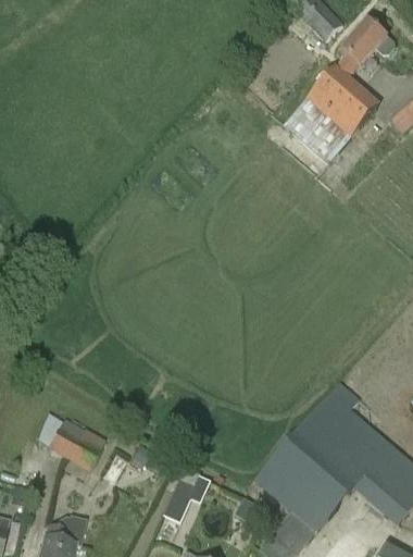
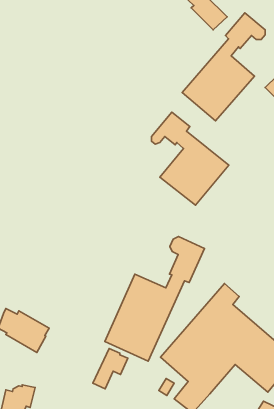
building: none -> [151,112,229,205]
building: none -> [105,236,204,361]

